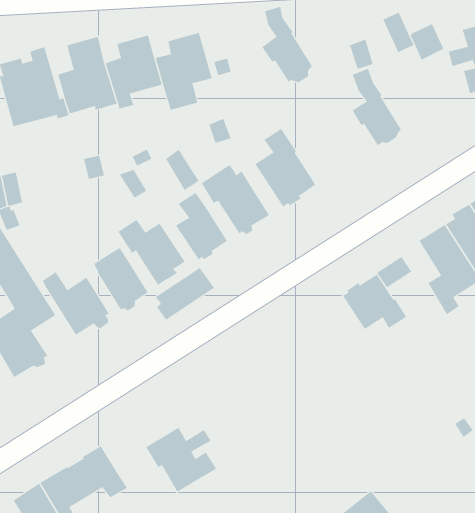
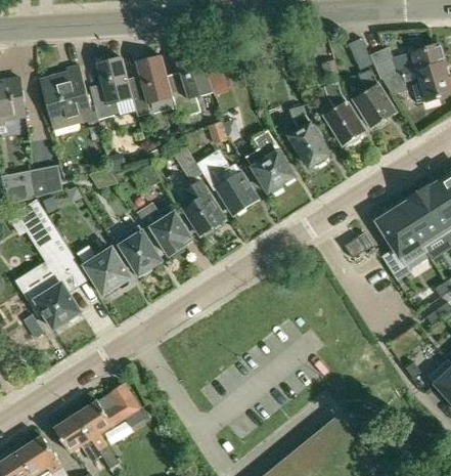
building: [262,6,313,83] -> [287,105,328,167]
building: none -> [354,69,394,126]
building: [155,267,215,320] -> none
building: [342,274,407,330] -> none
building: [145,427,217,493] -> none

